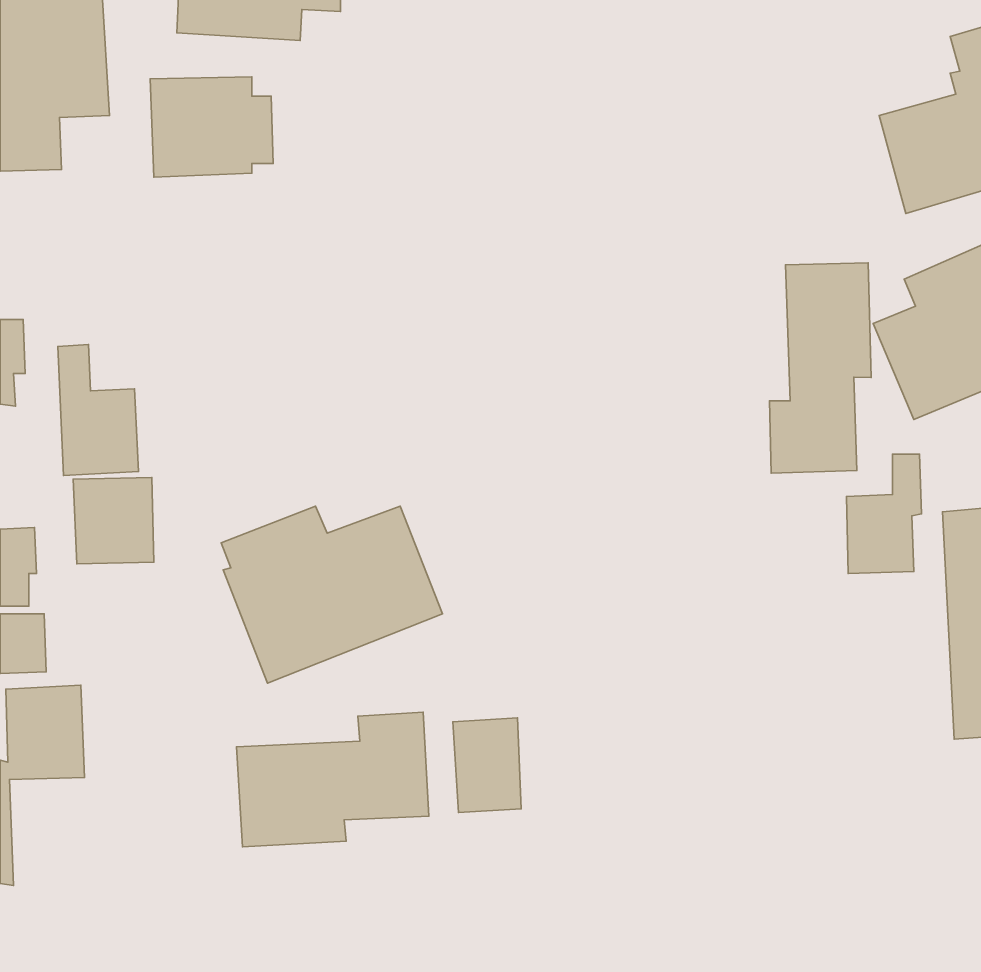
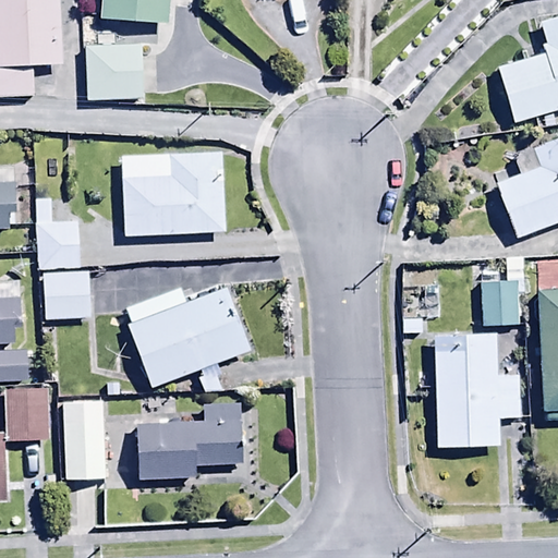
building: [770,263,871,473] -> none
building: none -> [123,150,227,234]
building: none -> [433,330,521,446]
building: none -> [62,399,106,480]
building: [453,718,521,812] -> none

